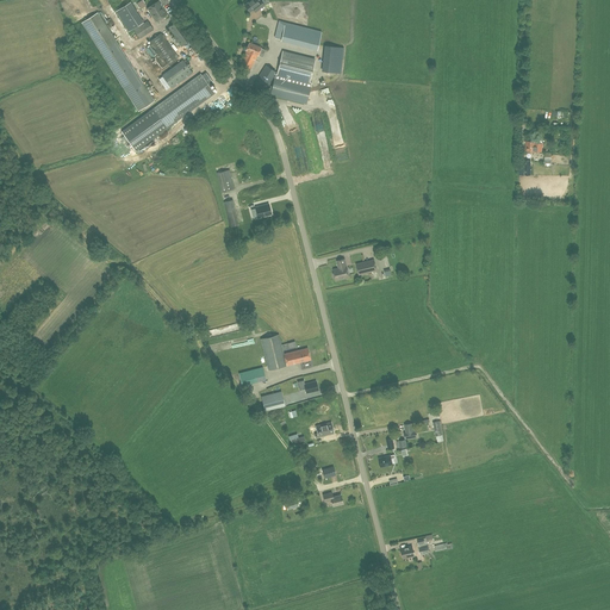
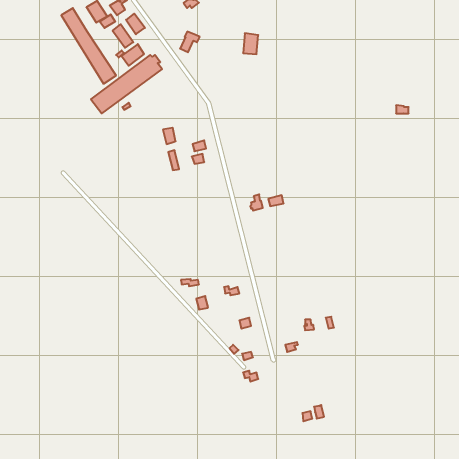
building: [273,19,320,49] -> none
building: [253,49,315,102] -> none
building: [260,334,309,368] -> none

